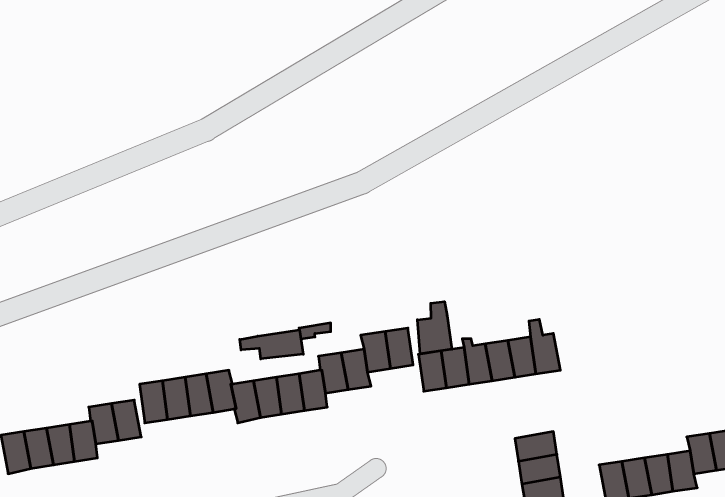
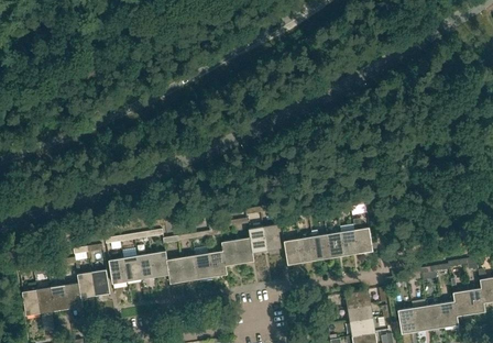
building: [417,302,452,354] -> none
building: [240,330,303,359] -> none

